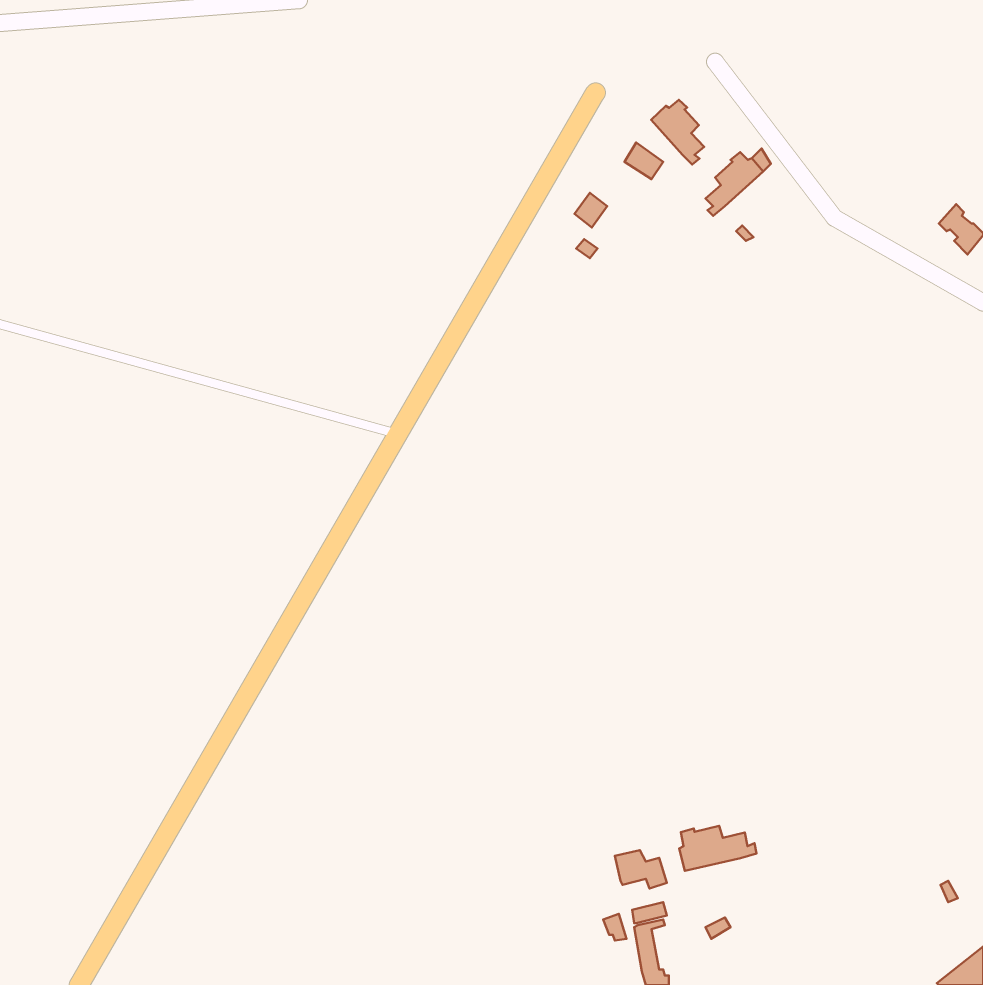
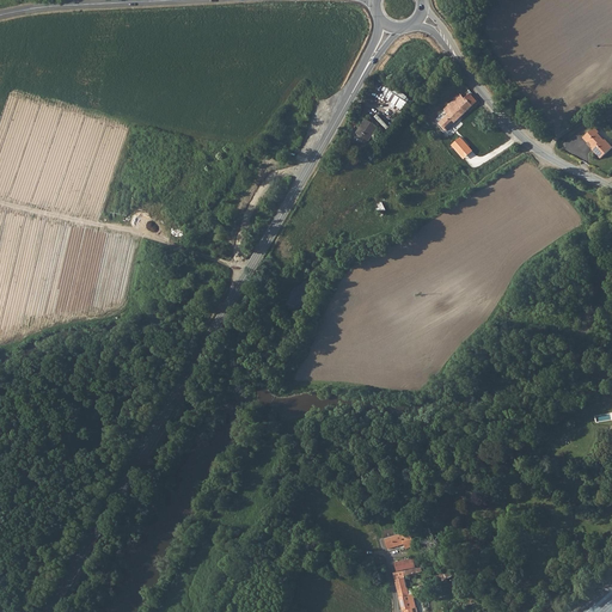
building: [651,100,704,165] -> none
building: [679,826,756,871] -> none

